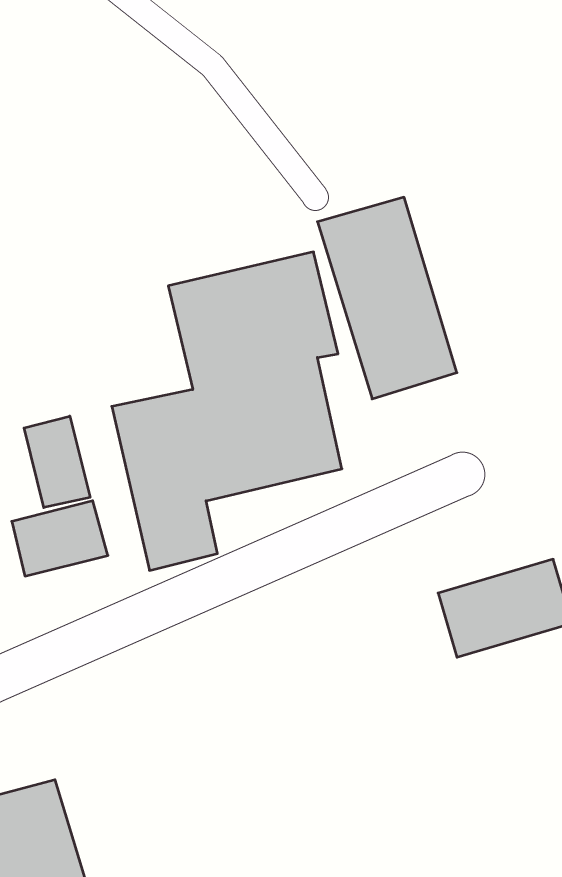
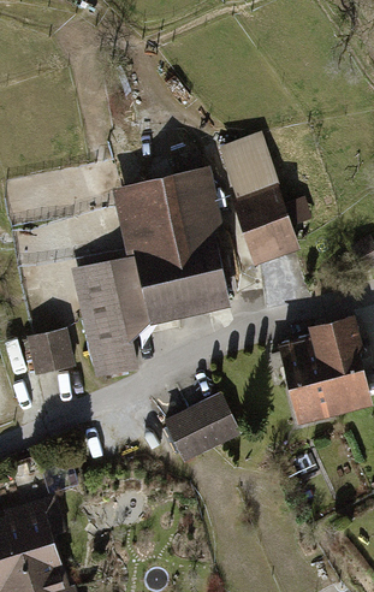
building: [24,416,90,508] -> none
building: none -> [273,325,358,387]
building: none -> [166,390,242,458]

